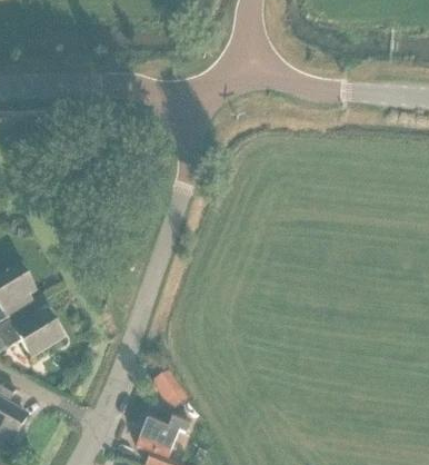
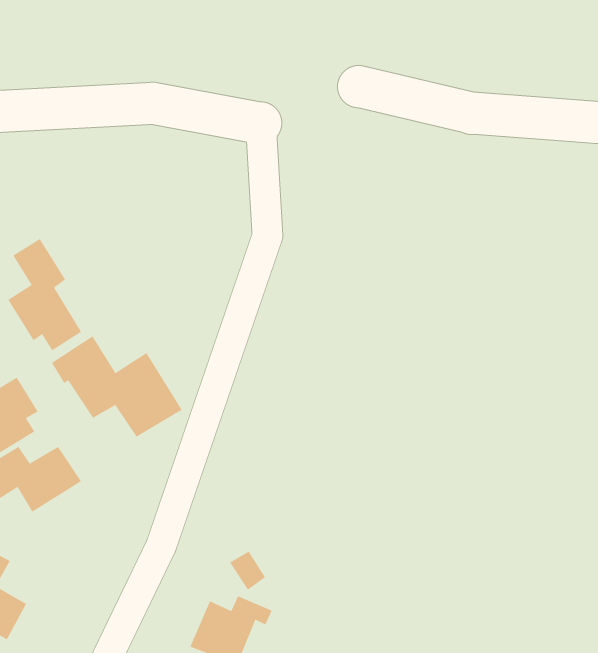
building: none -> [8,238,82,351]
building: none -> [51,336,182,437]

